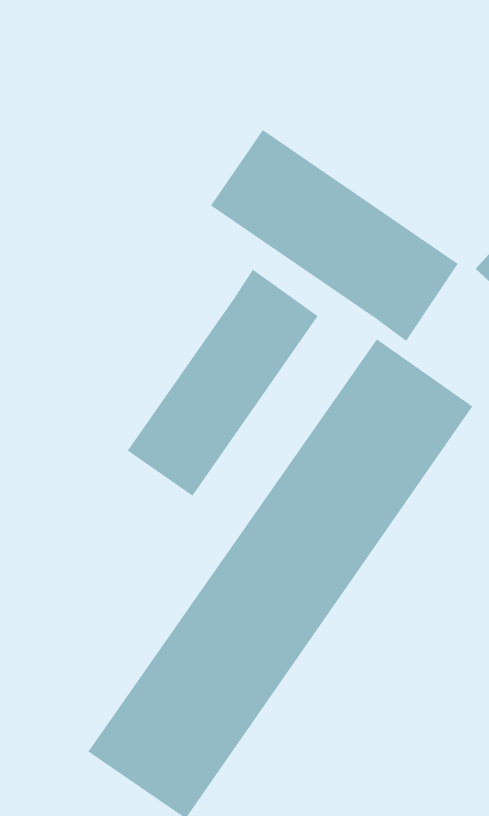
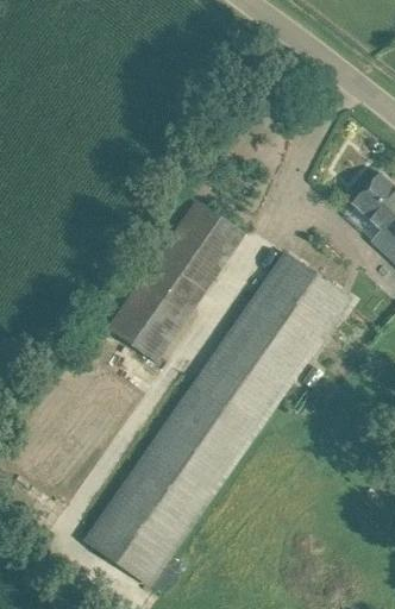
building: [210,129,459,342] -> none

